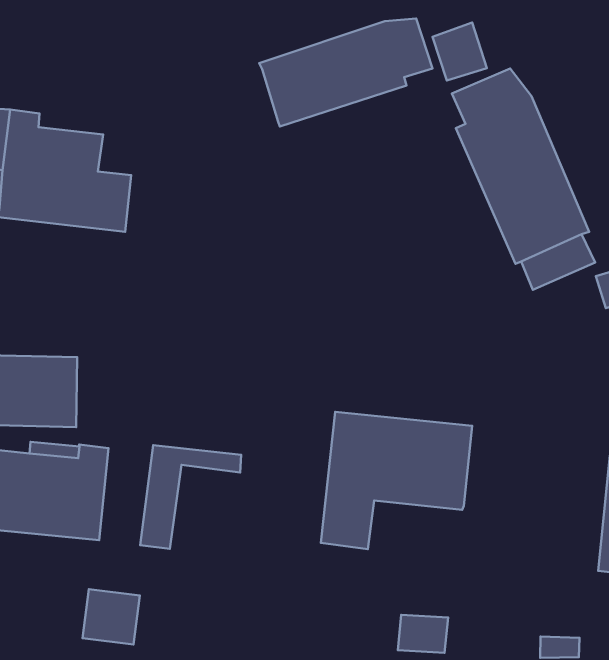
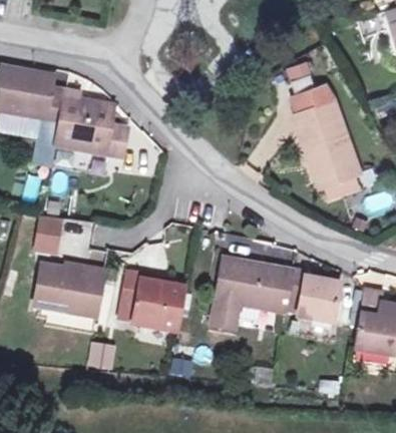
building: [259,18,433,126] -> none
building: none -> [286,270,341,322]
building: none -> [132,280,184,331]

